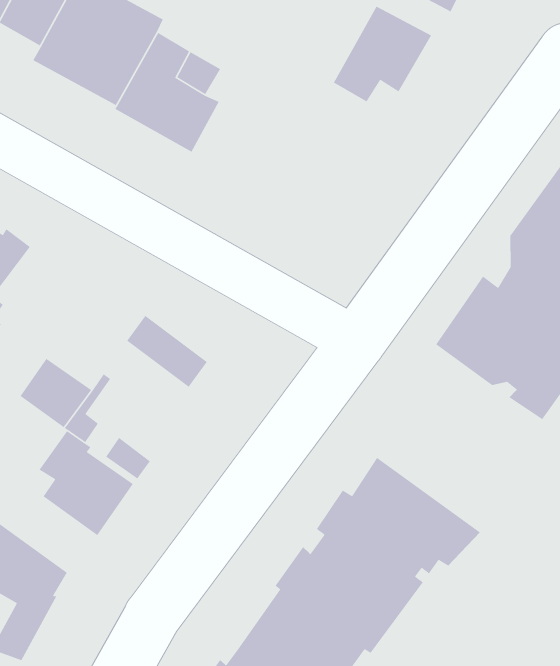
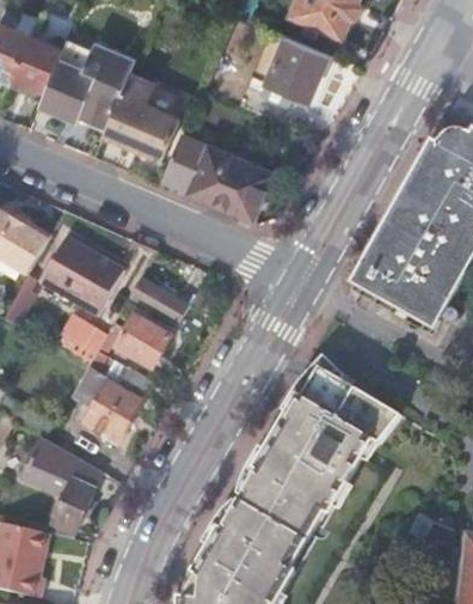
building: none -> [159,133,270,218]
building: none -> [39,238,122,316]
building: none -> [116,317,170,370]

